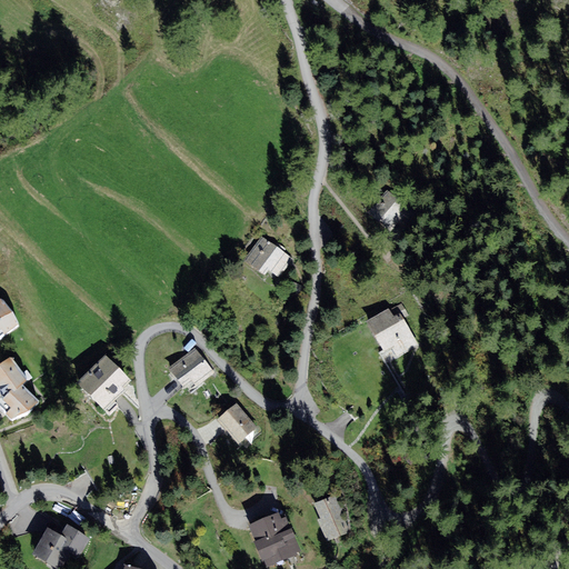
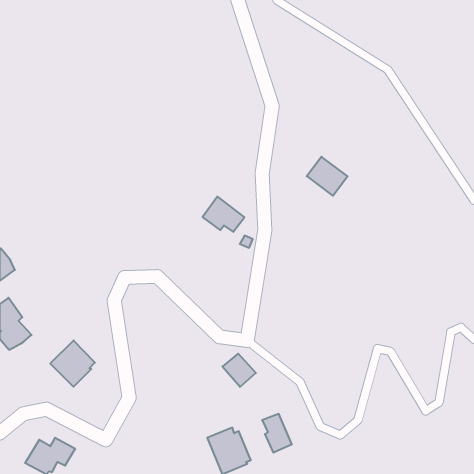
building: [366,303,418,358] -> none
building: [168,347,213,387] -> none
building: [77,355,130,410] -> [50,340,95,387]
building: [217,403,257,443] -> [222,354,256,387]

